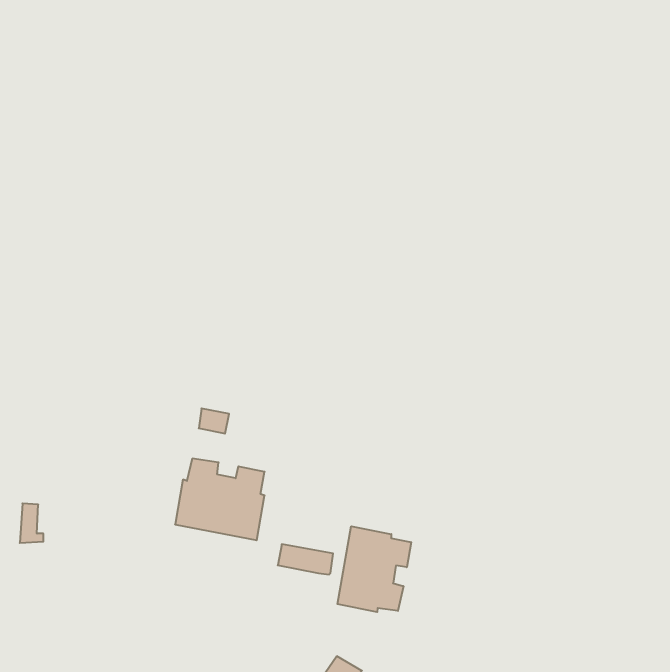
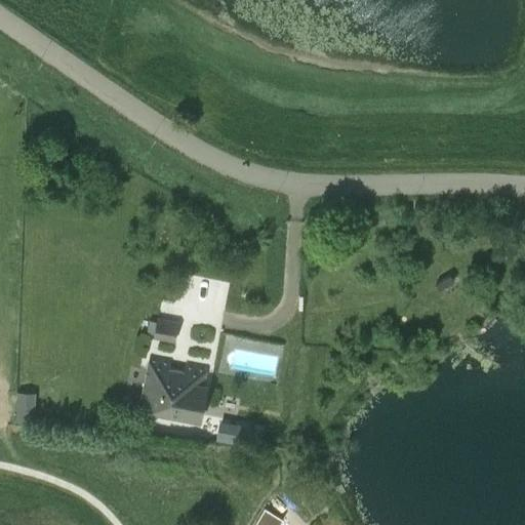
building: [337,526,411,612] -> none

